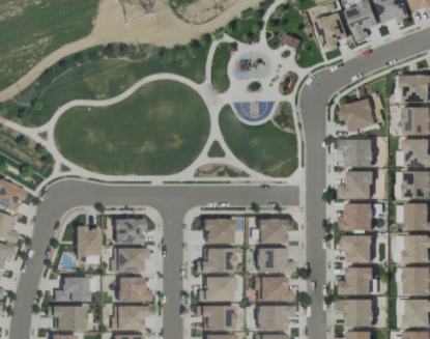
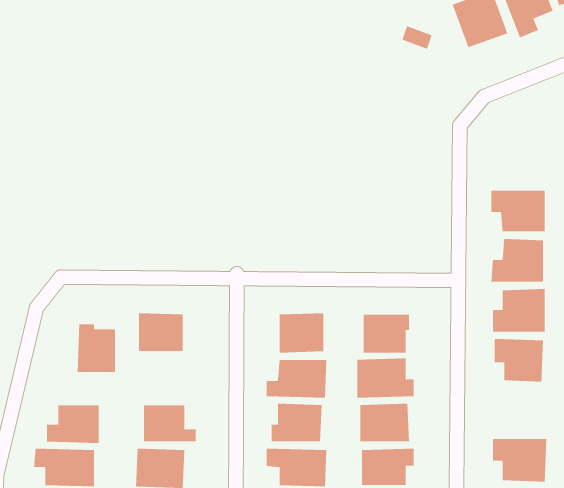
building: [342,97,378,133] -> none
building: [111,248,145,272] -> none
building: [339,266,373,294] -> none

